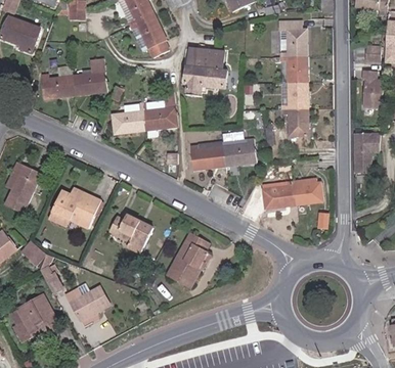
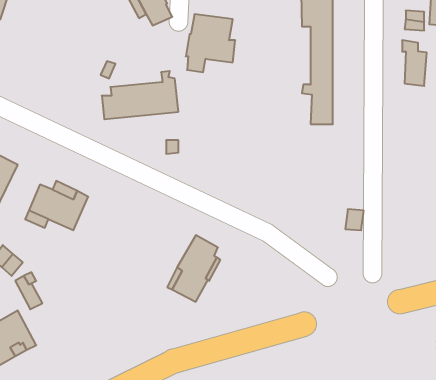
building: [42,70,107,101] -> none
building: [353,132,380,172] -> none
building: [188,140,255,171] -> none
building: [259,182,318,210] -> none
building: [111,214,155,252] -> none
building: [67,284,111,320] -> none

